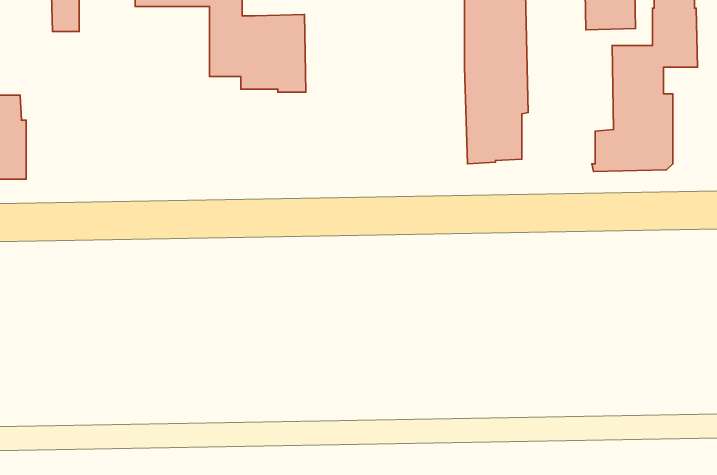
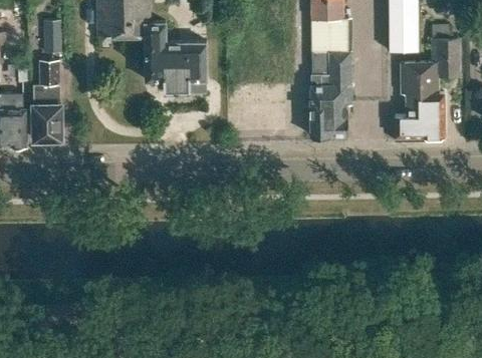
building: none -> [34,60,62,146]

